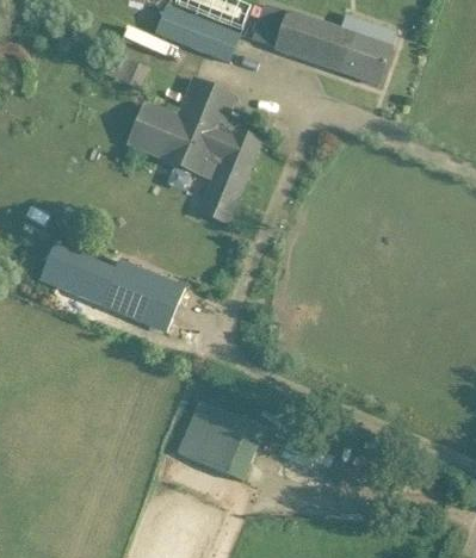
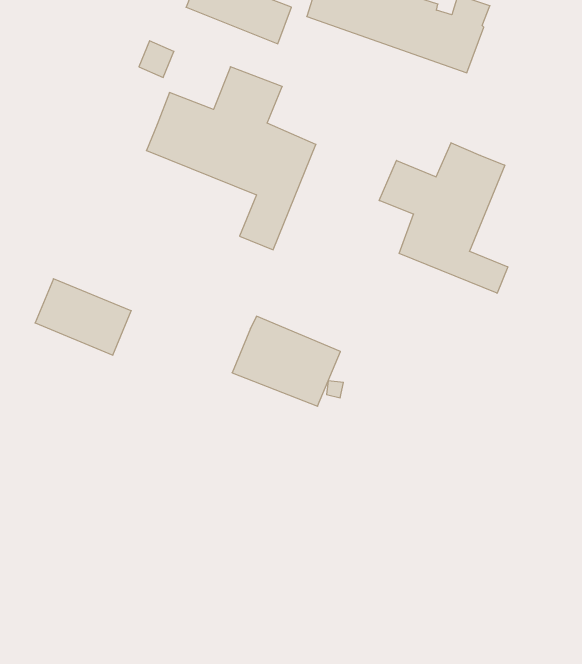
building: none -> [379,143,508,293]
building: [99,260,184,330] -> [232,316,340,406]
building: [181,407,264,479] -> none

